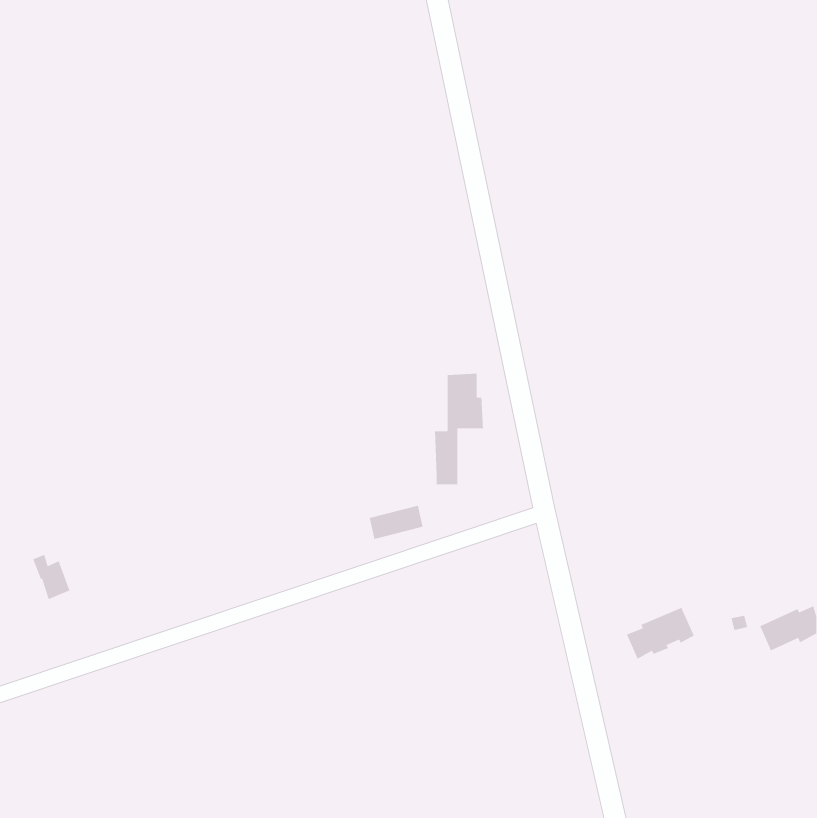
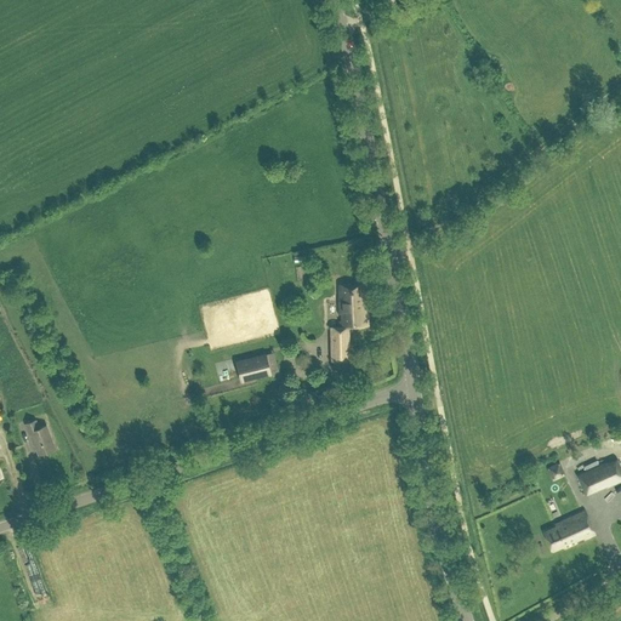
building: [369,505,423,540] -> [234,352,275,378]
building: [626,607,695,660] -> [541,511,593,551]

